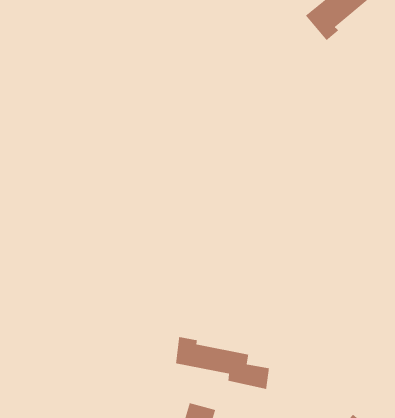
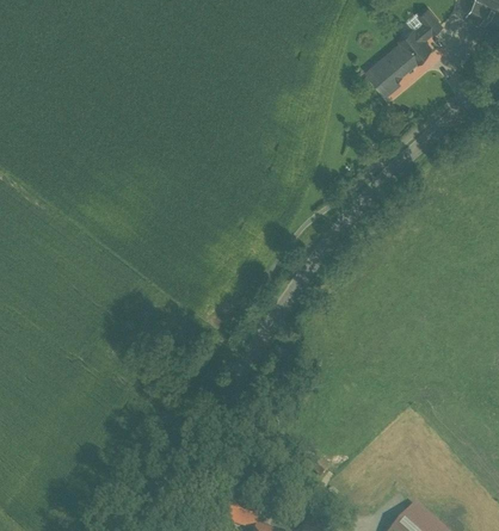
building: [175,336,270,390] -> none

